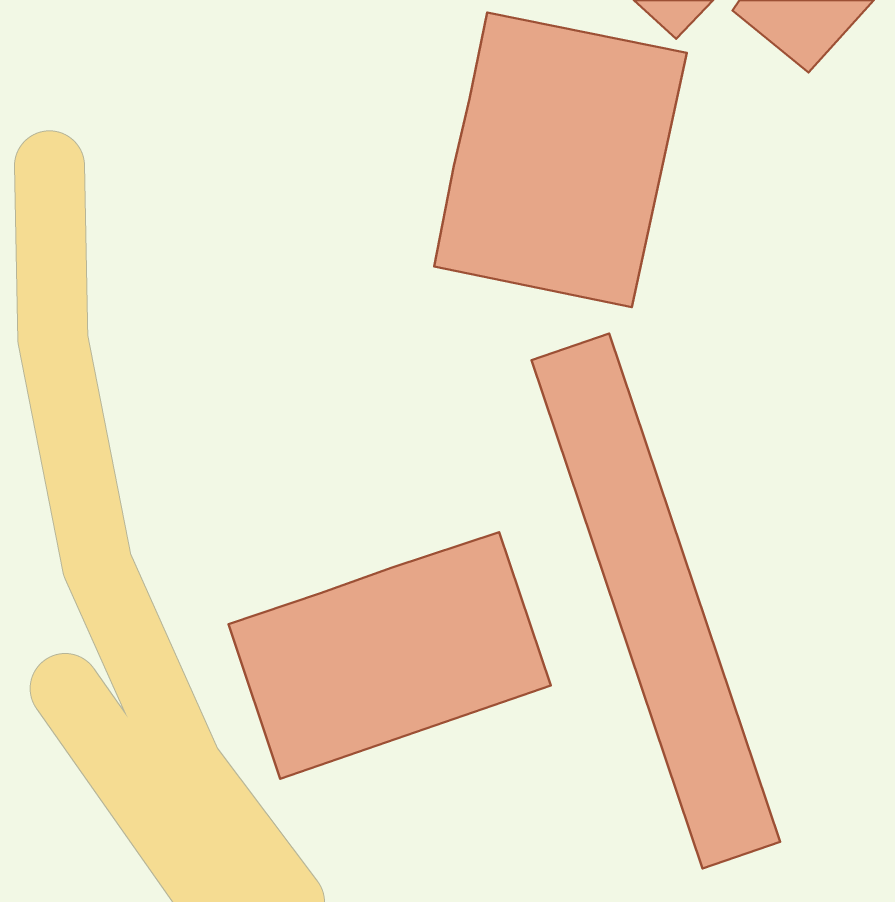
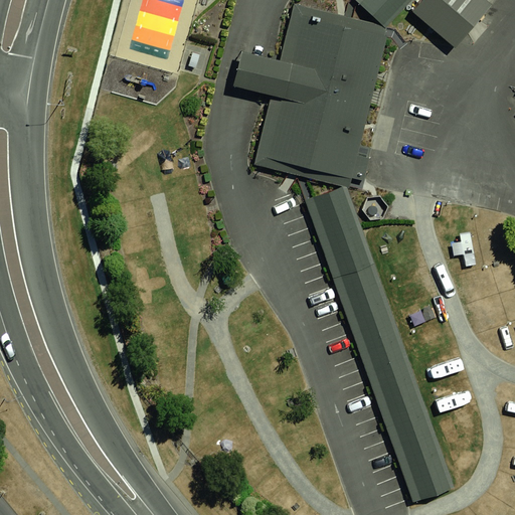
building: none -> [228,48,272,95]
building: [229,532,551,779] -> none

